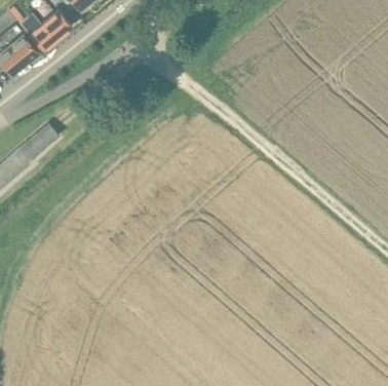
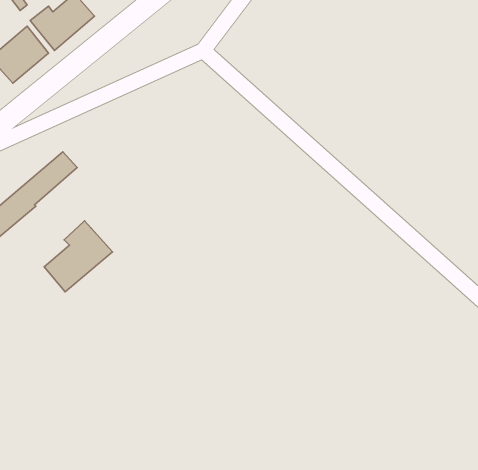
building: none -> [44,221,112,292]

